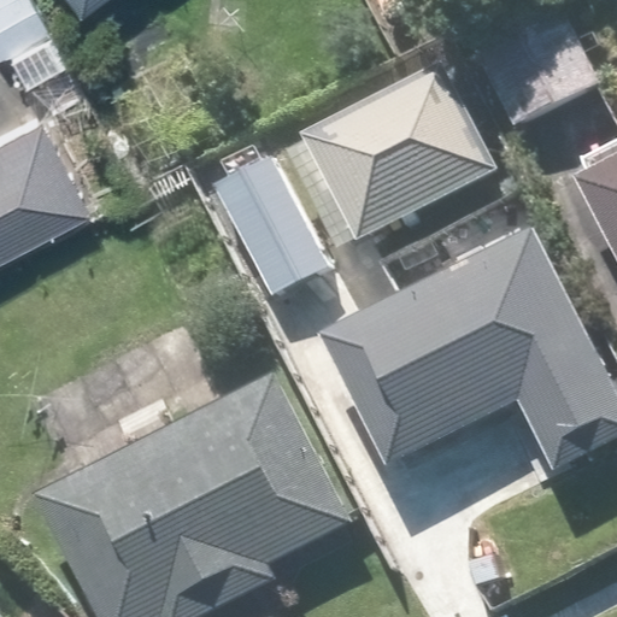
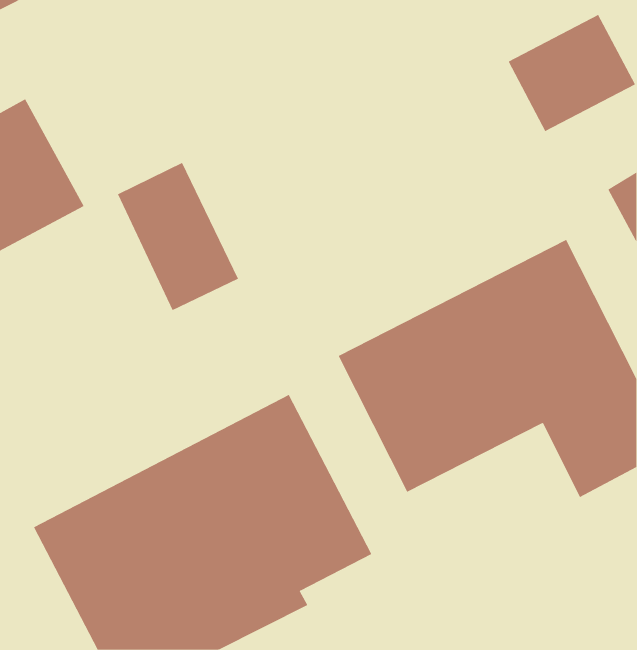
building: [306,64,495,237] -> none
building: [211,155,325,295] -> [117,162,239,311]

